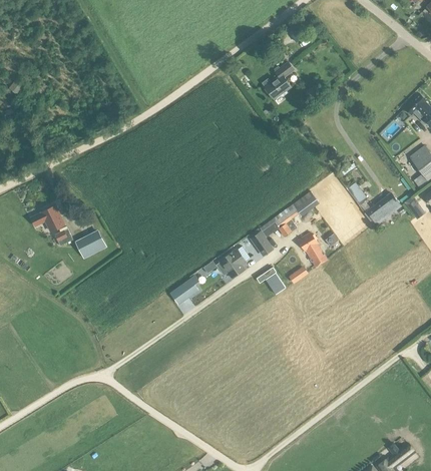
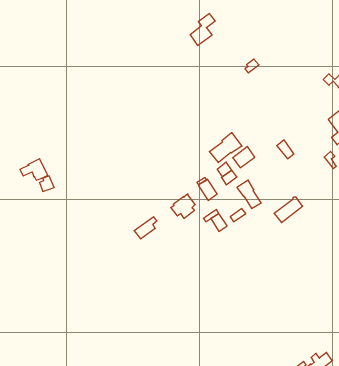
building: [264,61,295,100] -> [190,14,215,45]
building: none -> [209,133,242,163]
building: [364,193,399,224] -> [274,197,303,223]
building: [74,230,106,259] -> none

